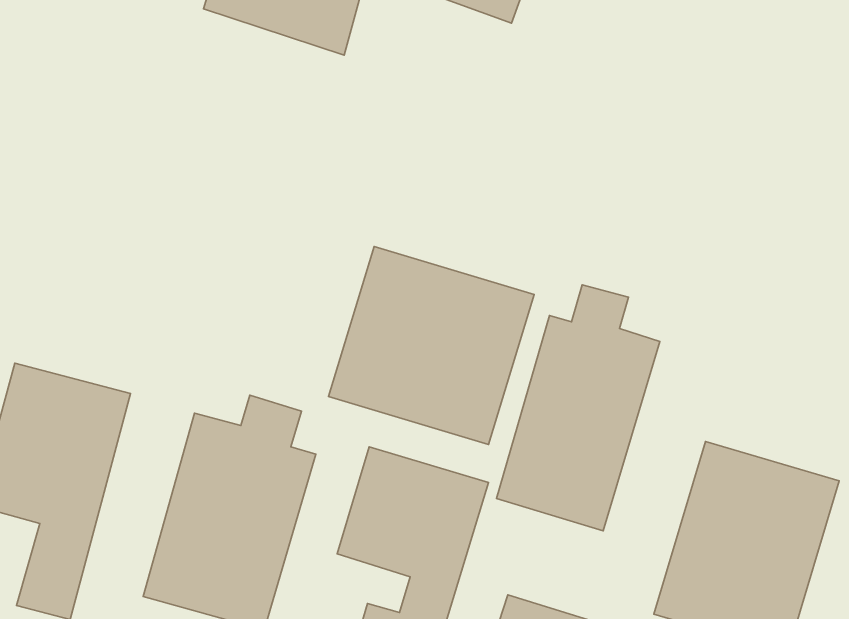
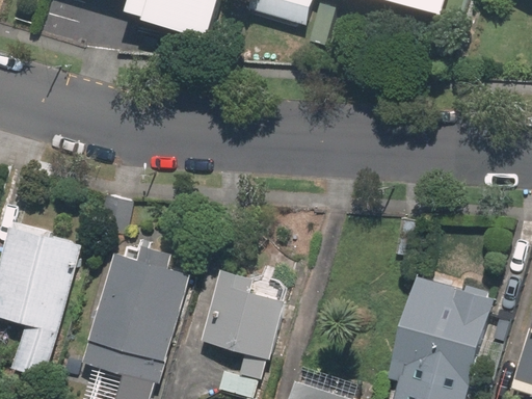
building: [329,247,534,445] -> none
building: [497,285,660,531] -> none

